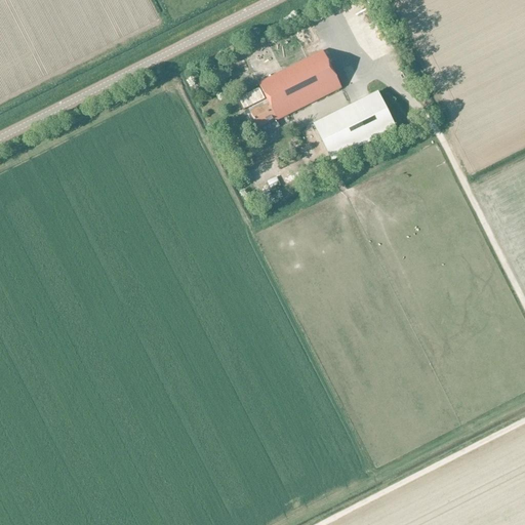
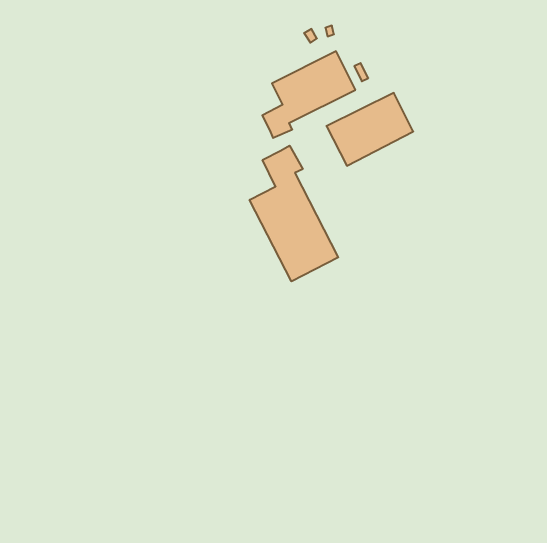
building: none -> [250,146,338,281]

